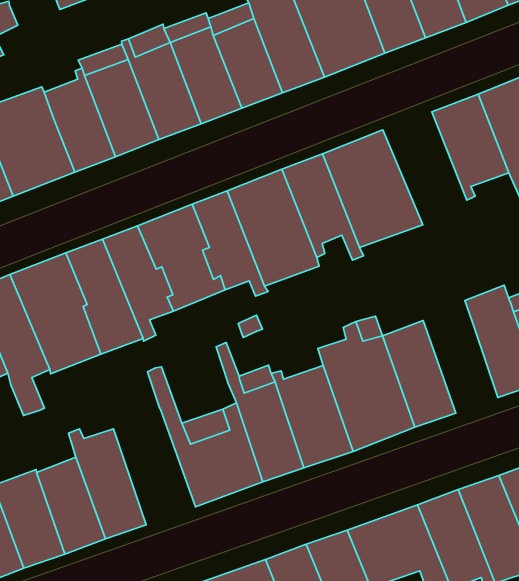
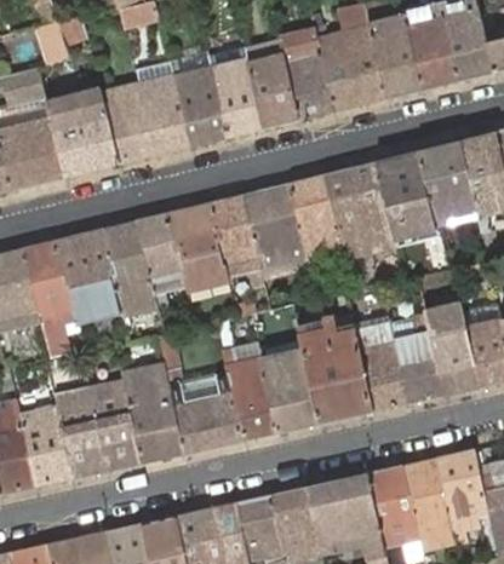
building: none -> [376,152,439,240]
building: none -> [388,311,442,403]
building: none -> [121,367,182,462]

